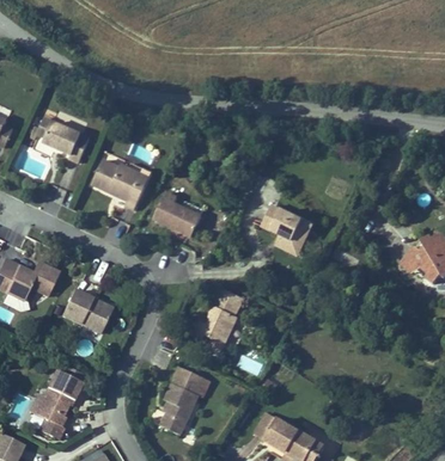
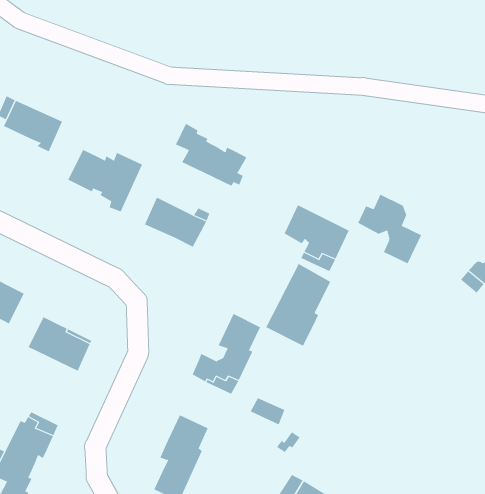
building: none -> [175,123,247,187]
building: none -> [358,194,422,264]
building: none -> [265,263,331,346]

